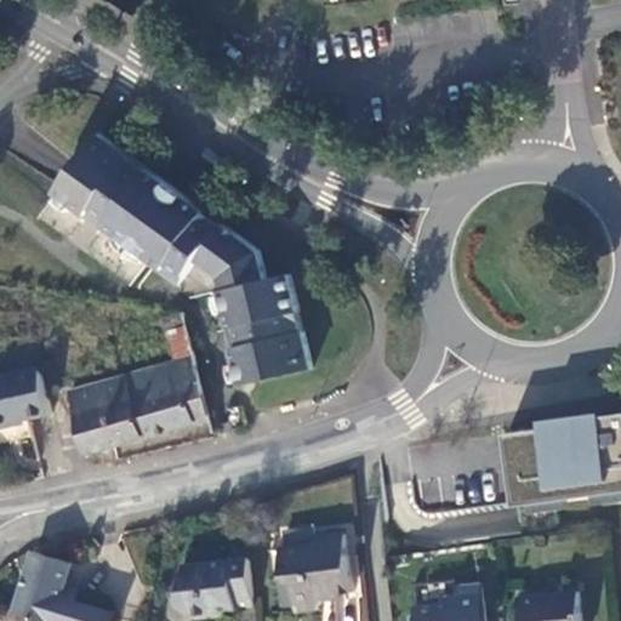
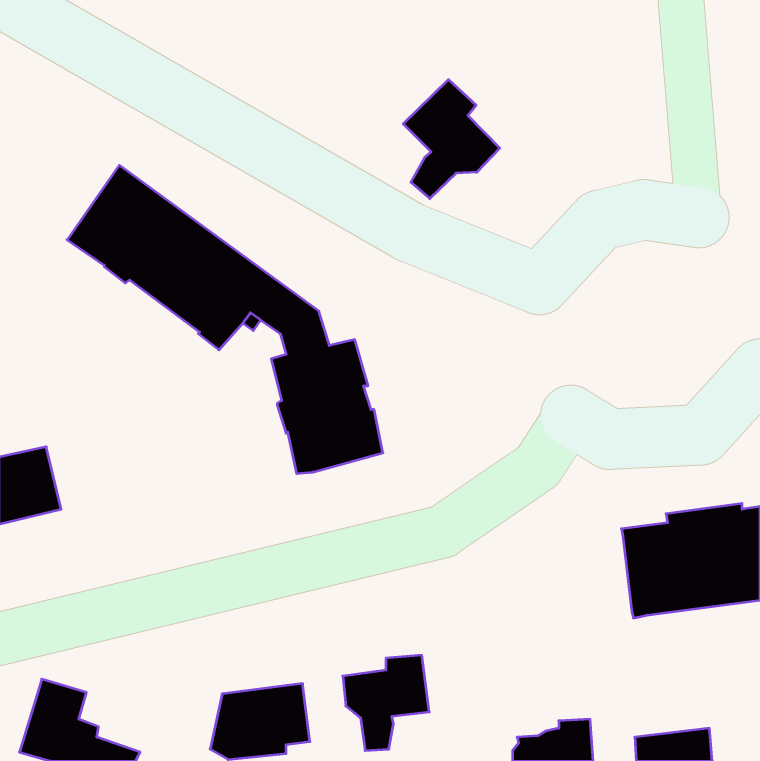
building: none -> [403,80,500,199]
building: [62,313,209,460] -> none

